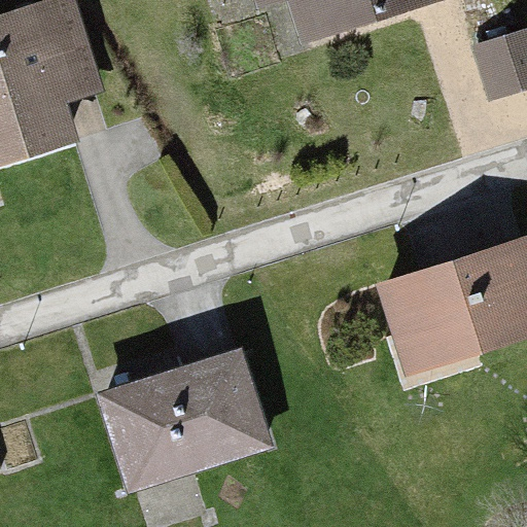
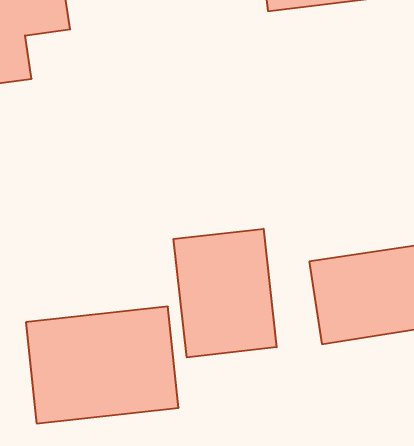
building: none -> [174,229,277,357]

